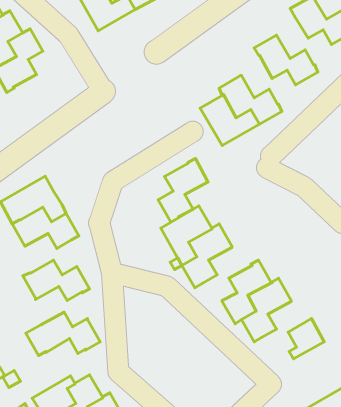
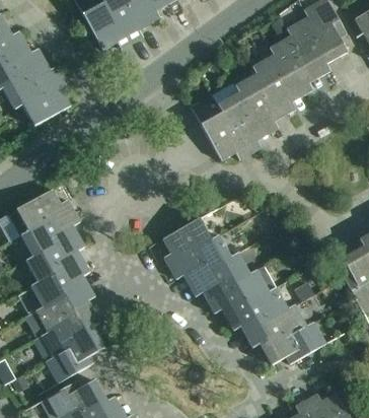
building: none -> [269,36,329,82]
building: none -> [21,69,70,126]
building: none -> [235,73,295,120]
building: [158,158,208,222] -> [202,252,249,312]
building: none -> [25,243,89,283]
building: none -> [35,294,99,333]
building: none -> [259,303,306,364]
building: none -> [46,344,94,382]

